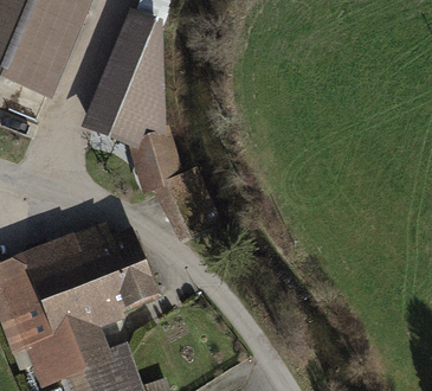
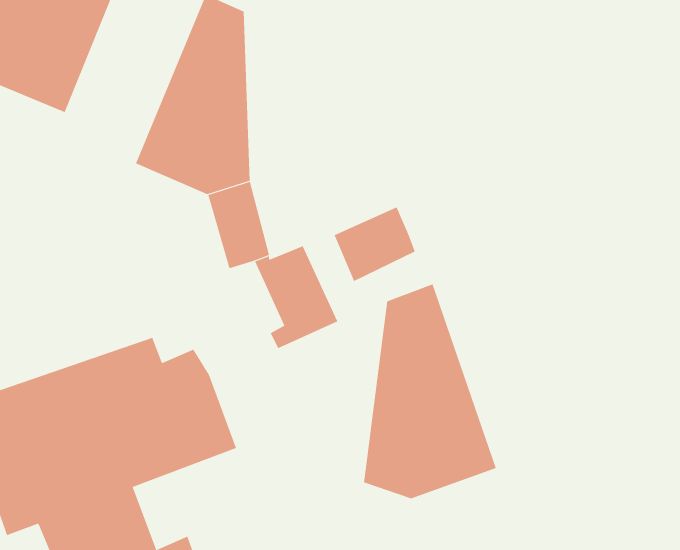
building: none -> [334,207,416,282]
building: none -> [364,283,497,499]

